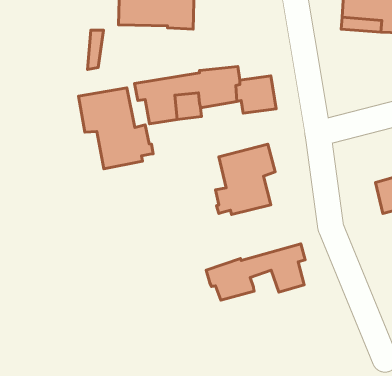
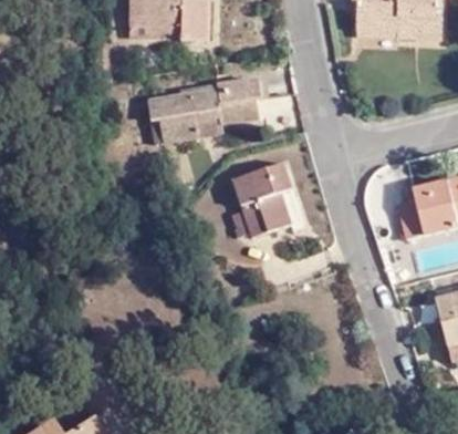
building: [78,88,153,169] -> none
building: [206,244,305,300] -> none

